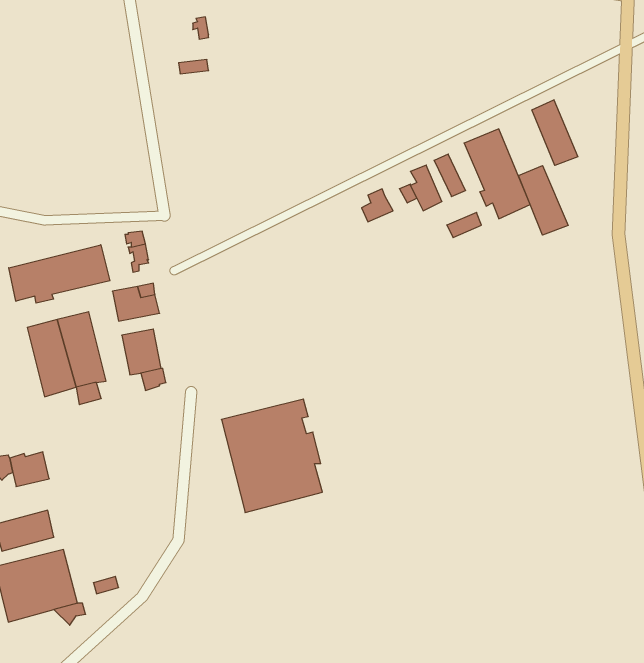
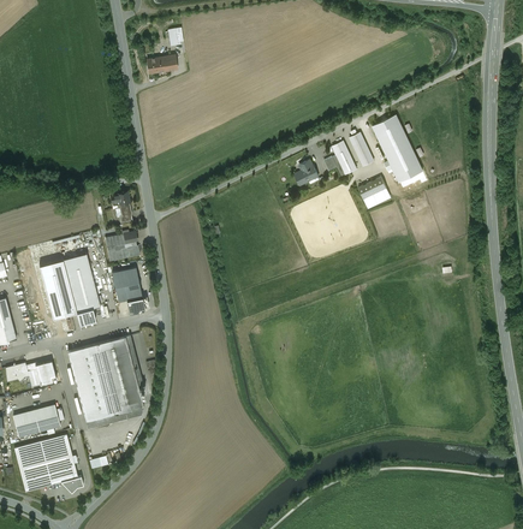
building: [532,100,578,165] -> none
building: [519,166,568,235] -> none
building: [9,245,110,303] -> none
building: [221,399,322,513] -> [66,335,143,422]

